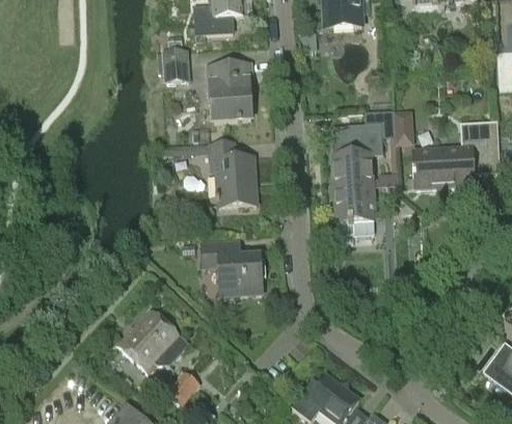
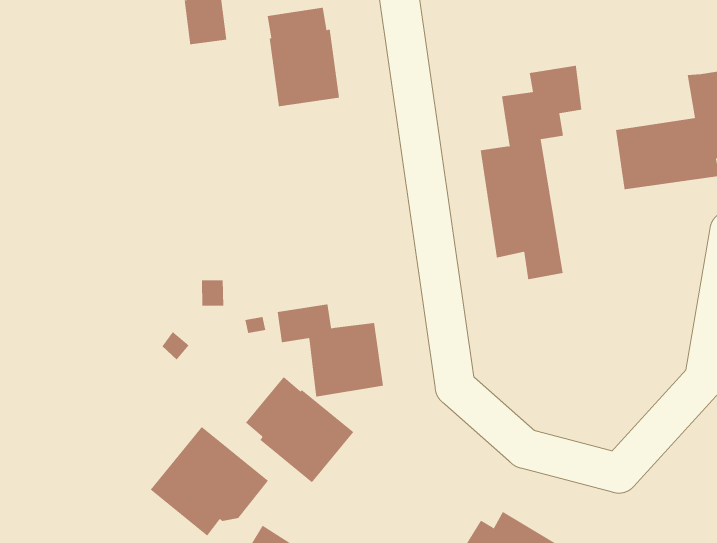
building: [394,110,413,144] -> none
building: [210,140,257,205] -> none
building: none -> [245,376,354,483]

